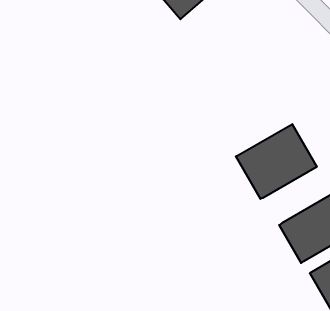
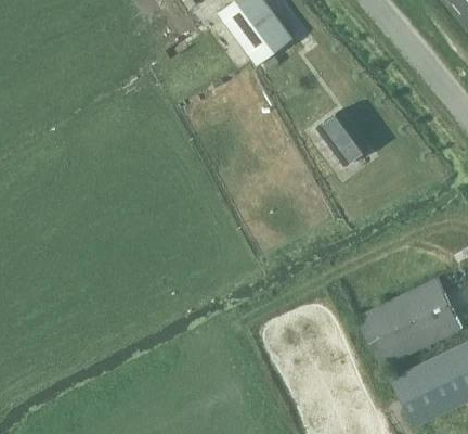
building: none -> [318,106,372,163]
building: [236,124,317,199] -> none

